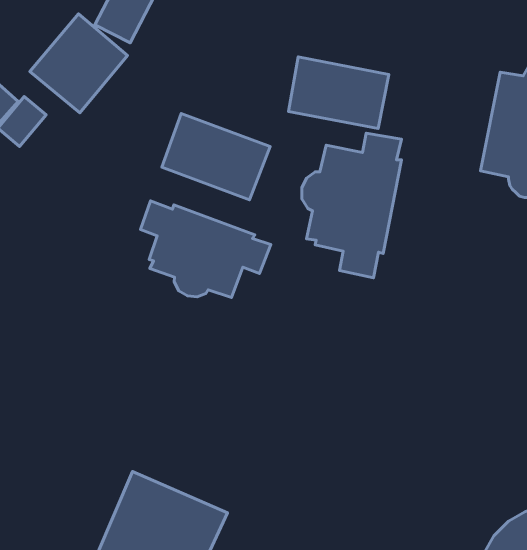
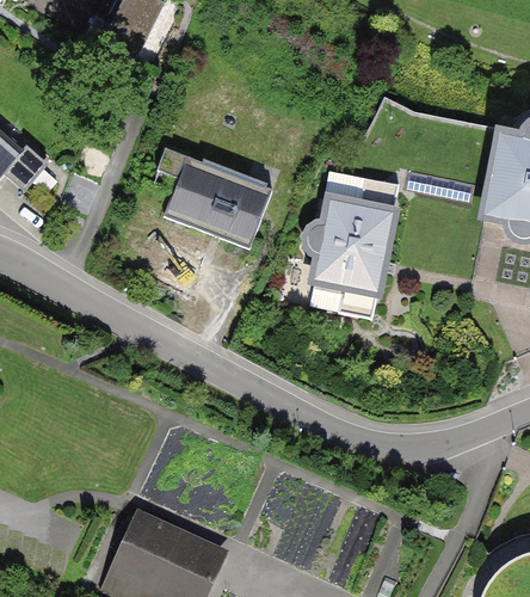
building: [30,14,128,113] -> none
building: [288,57,389,129] -> none
building: [141,201,271,298] -> none

